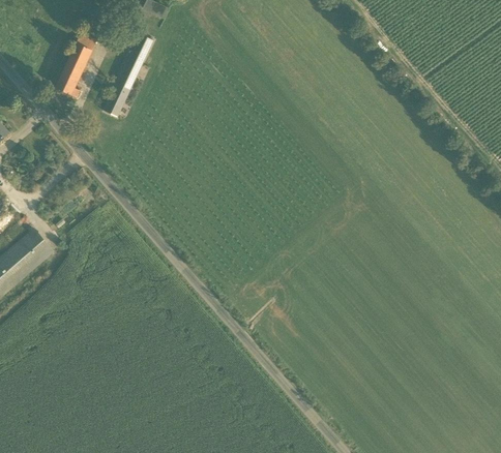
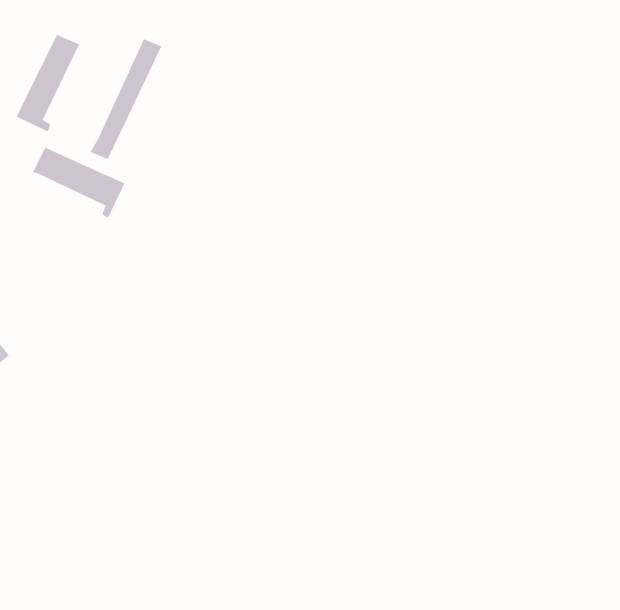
building: none -> [32,146,125,219]

